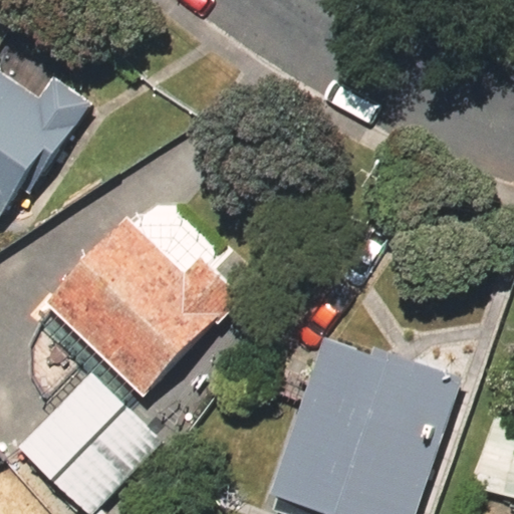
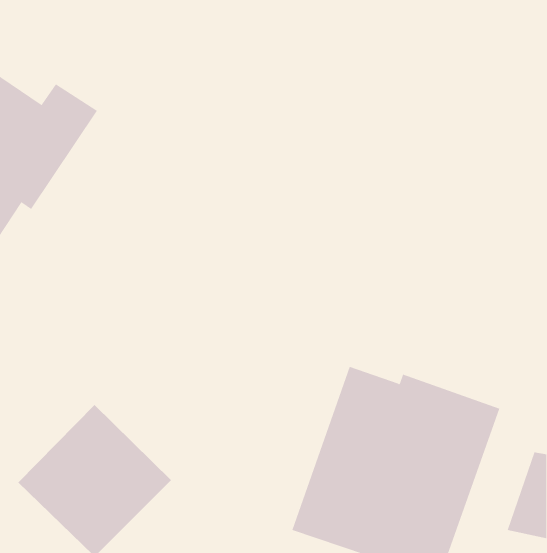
building: [47,219,237,393] -> none

